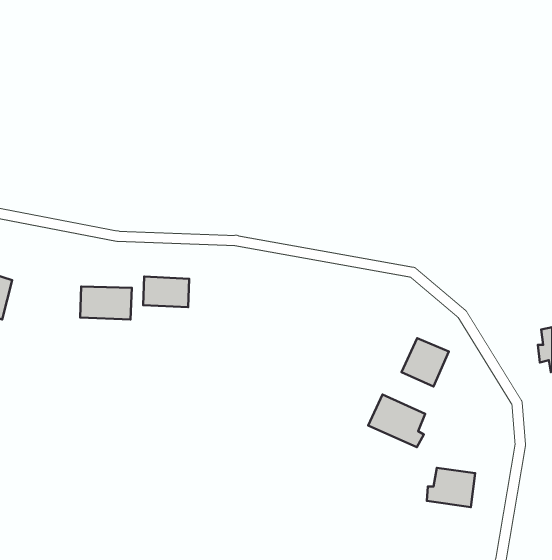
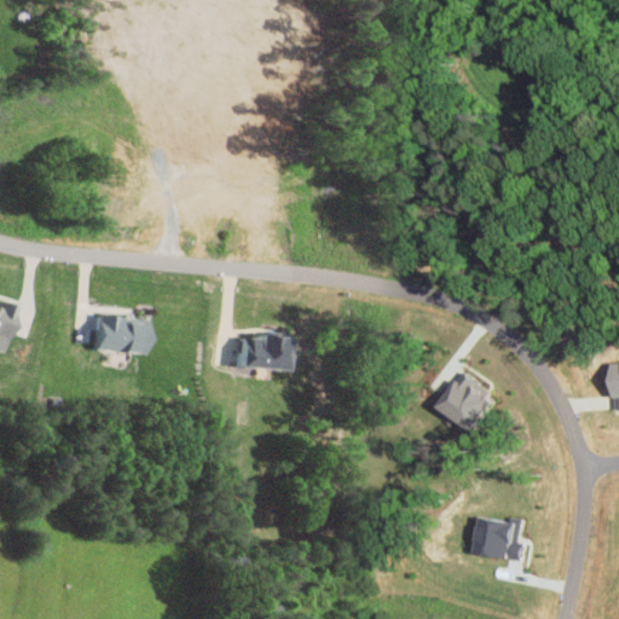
building: [143,276,189,307] -> [238,335,289,369]
building: [368,395,425,447] -> none

